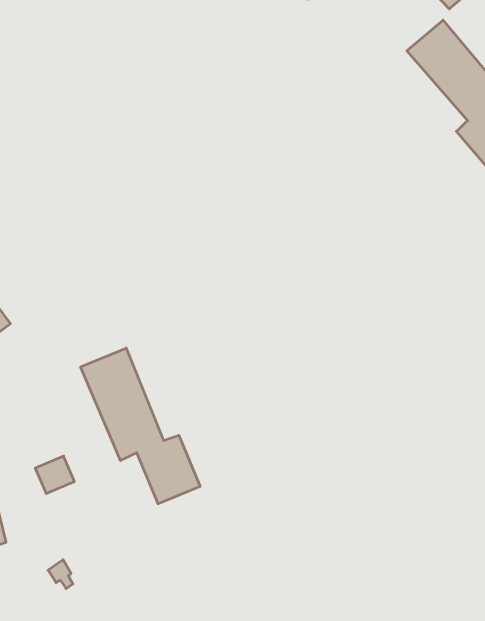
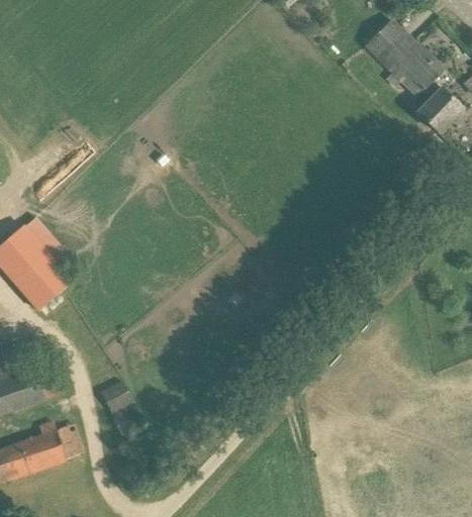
building: [81,348,200,504] -> none

